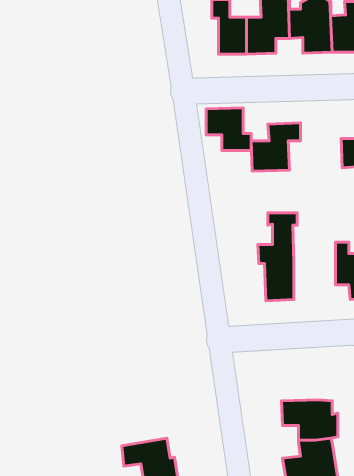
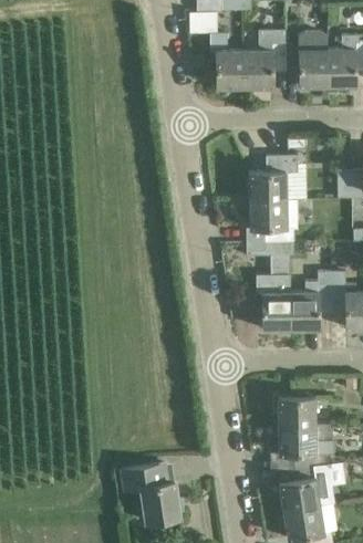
building: [206,108,251,150] -> [249,201,293,243]
building: none -> [290,272,331,328]
building: none -> [278,397,328,428]

